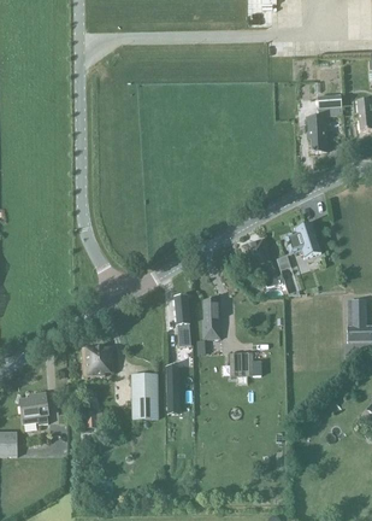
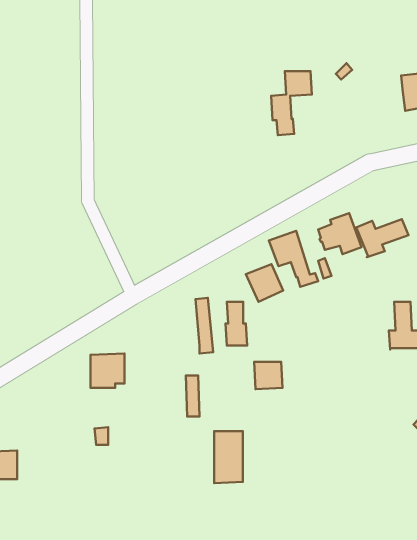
building: [306,94,342,151] -> [271,71,312,135]
building: none -> [356,219,408,257]
building: none -> [246,264,283,302]
building: [131,373,157,418] -> [214,431,243,483]
building: [19,391,48,423] -> none

